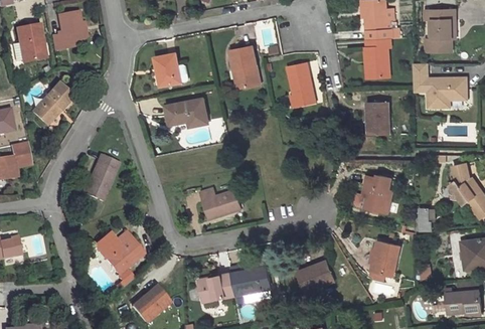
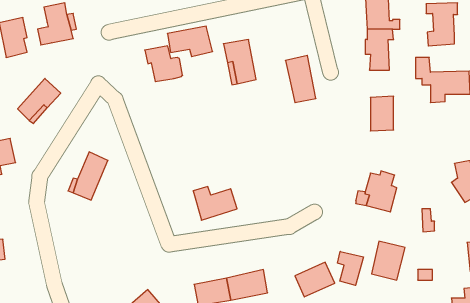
building: [166,101,209,130] -> [167,26,213,57]
building: [93,232,143,293] -> none
building: none -> [337,251,363,285]

